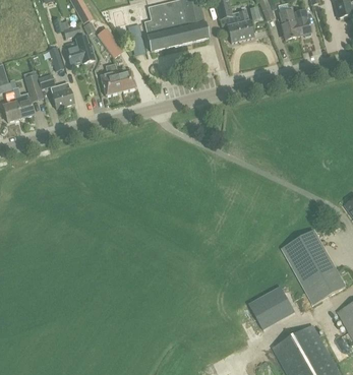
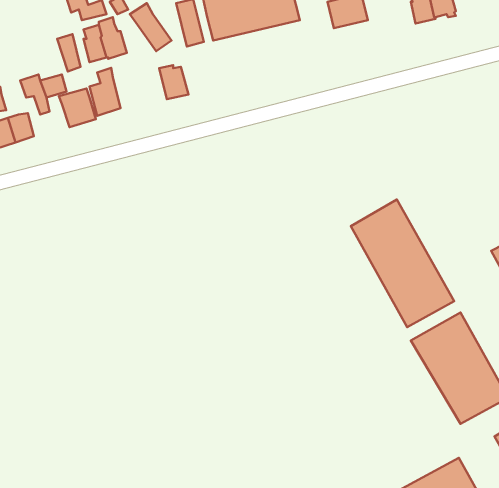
building: [100,62,120,93] -> [90,68,120,116]
building: none -> [351,199,454,327]
building: [248,286,294,327] -> none

